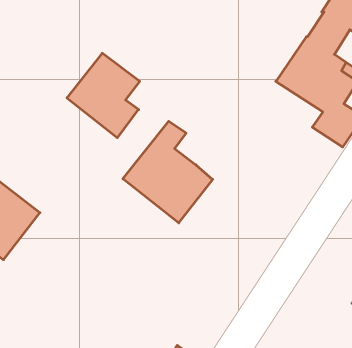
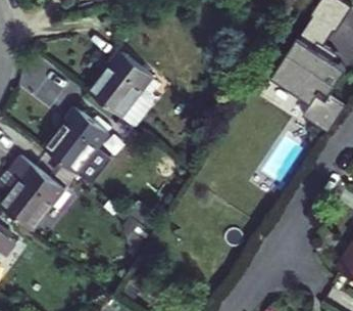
building: none -> [43,108,107,175]
building: [123,121,213,223] -> none

